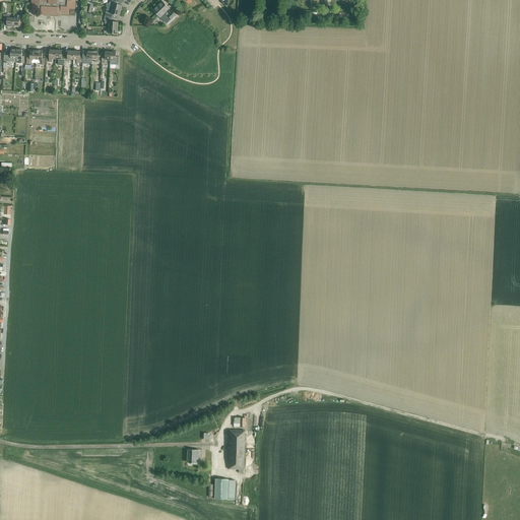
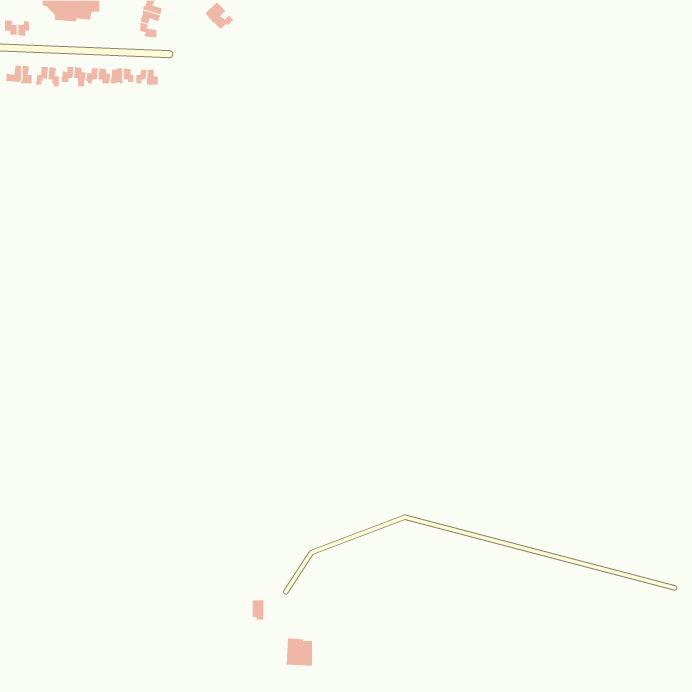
building: [229,430,245,473] -> none

